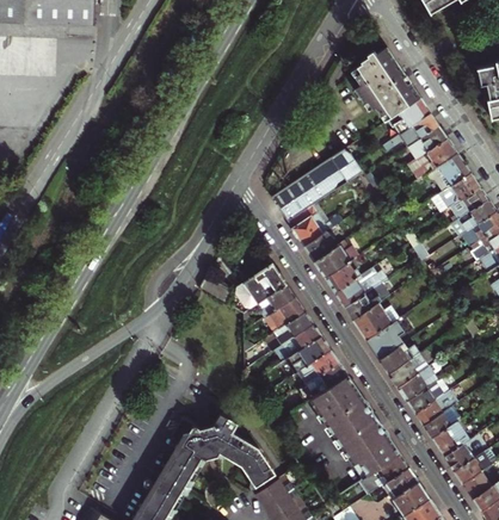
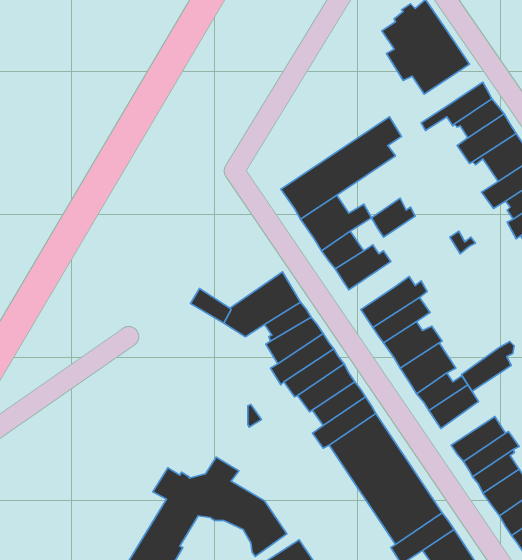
building: [382,98,431,134] -> none
building: [325,261,359,292] -> [371,198,415,237]
building: [398,360,439,400] -> [461,341,514,391]

